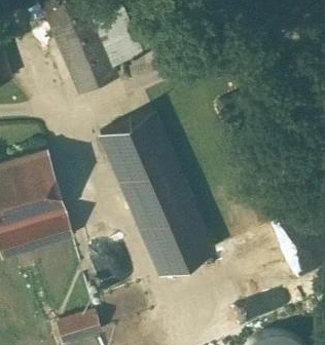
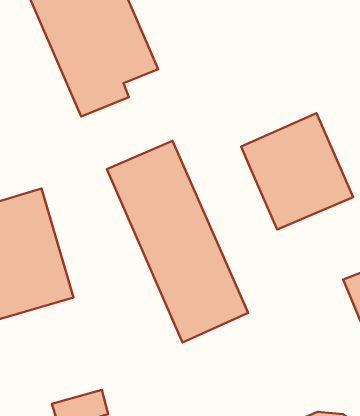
building: none -> [241,113,353,230]

